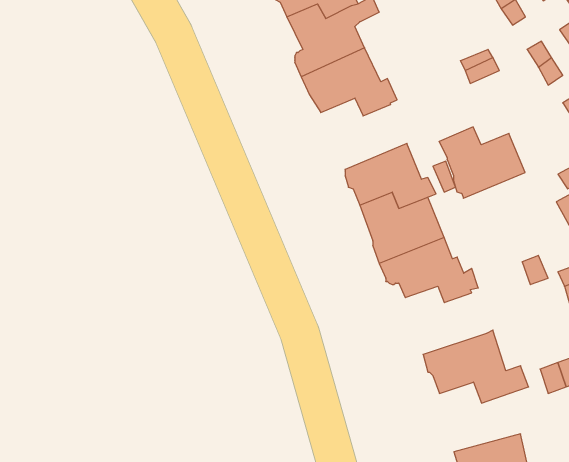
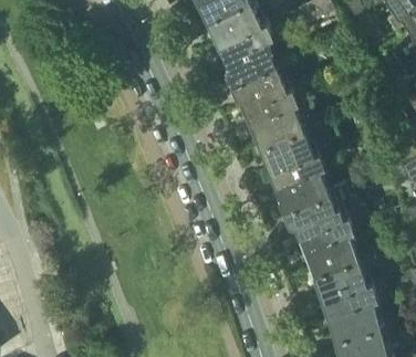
building: [439,127,525,198] -> [242,95,301,144]
building: none -> [300,223,355,270]
building: none -> [323,288,378,336]

